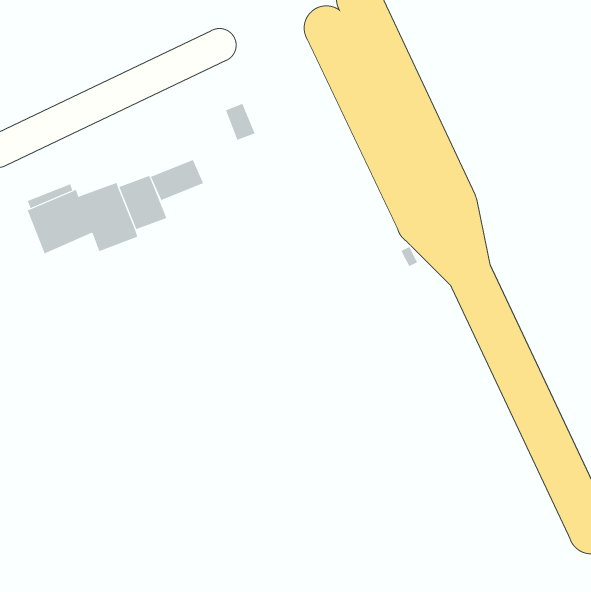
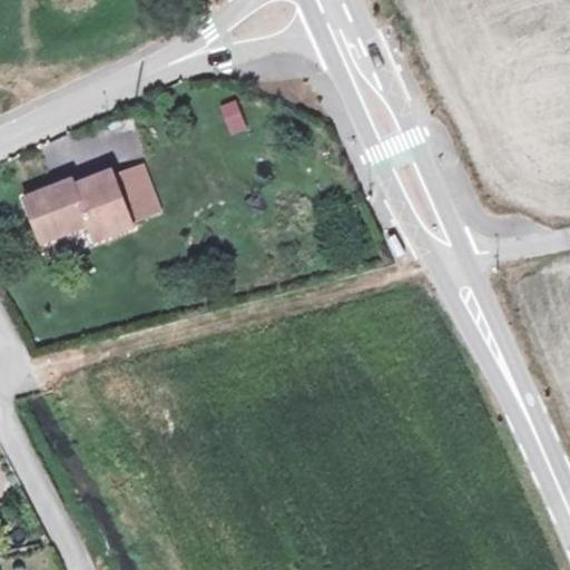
building: [150,159,204,201] -> none

